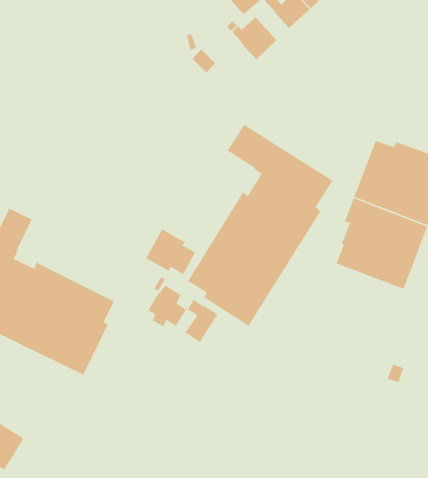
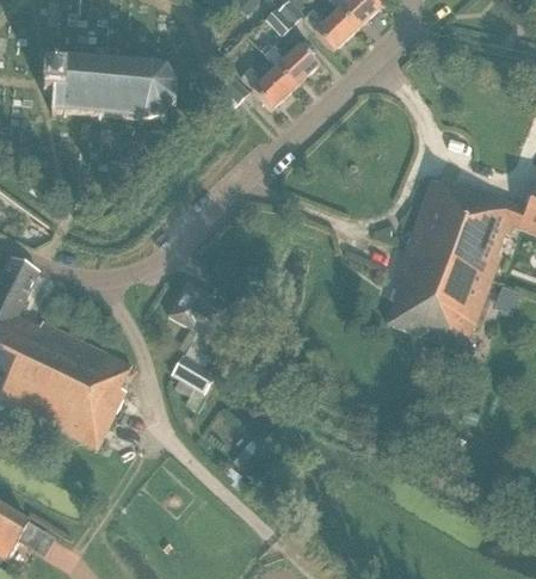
building: none -> [44,54,177,116]
building: none -> [242,66,296,109]
building: [187,124,334,327] -> none
building: [184,298,219,343] -> none

